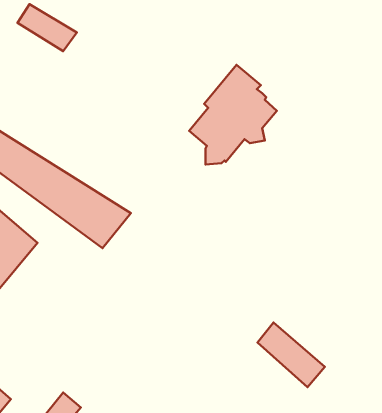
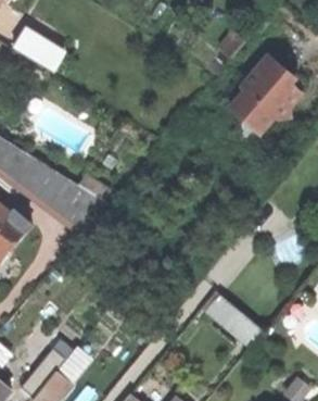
building: [189,65,277,165] -> [230,57,301,137]

